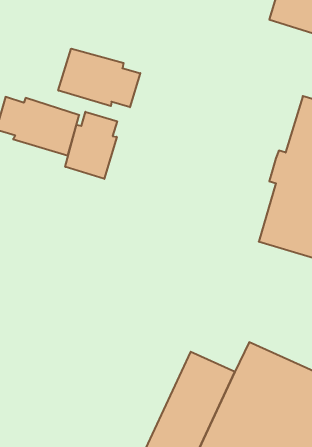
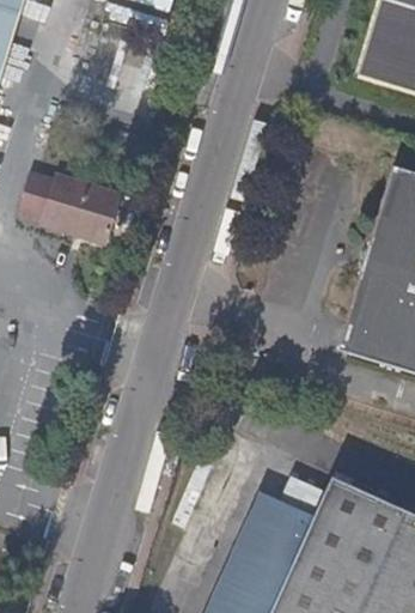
building: [58,49,140,107] -> none
building: [65,112,117,179] -> none

